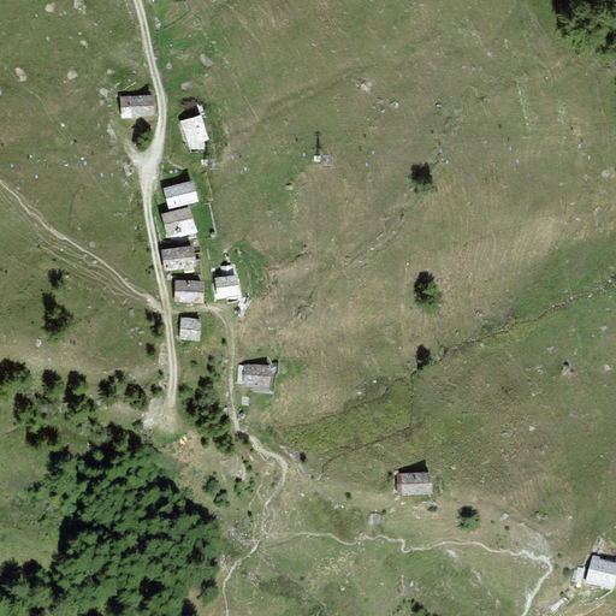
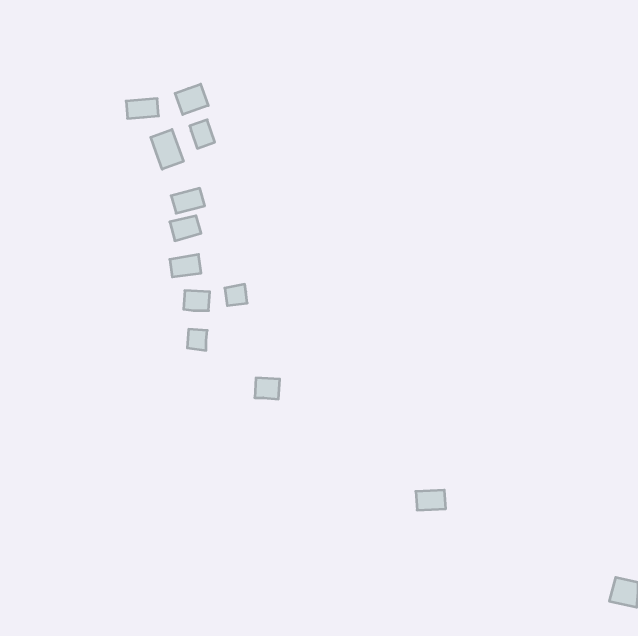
building: none -> [175,84,208,115]
building: none -> [151,129,183,169]

